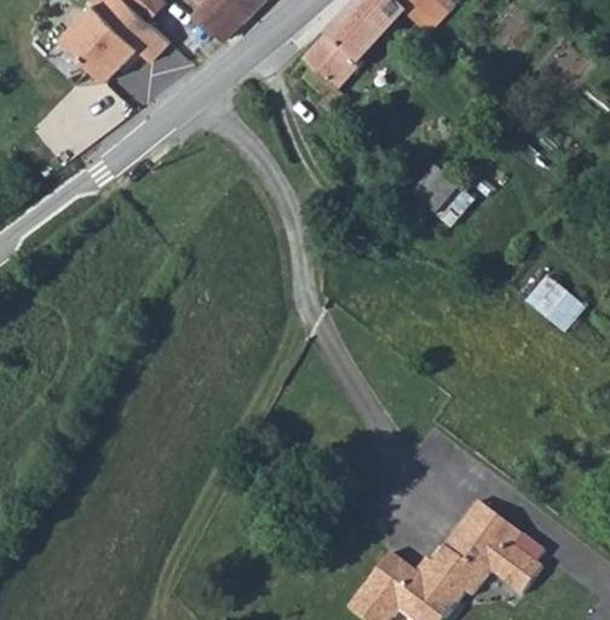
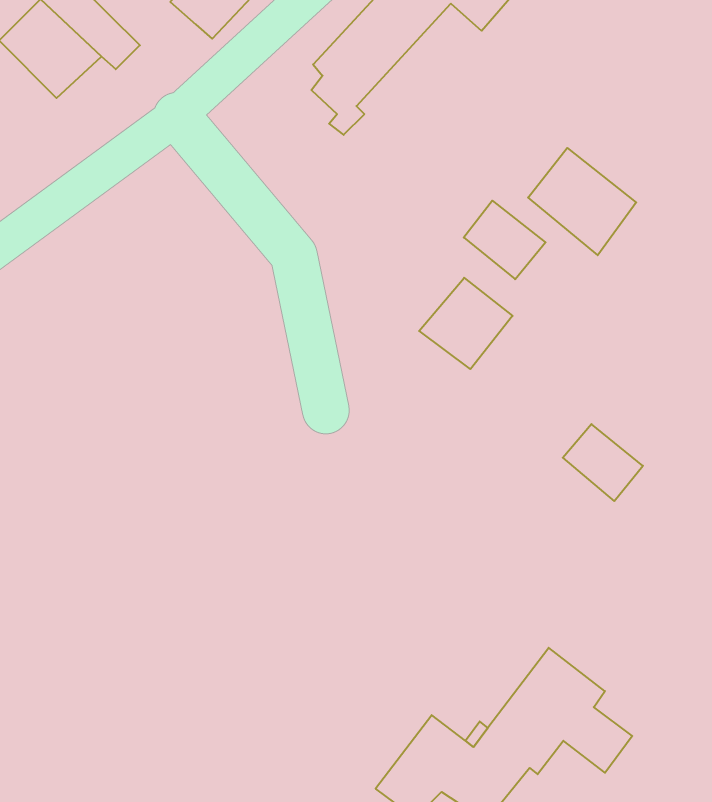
building: none -> [528,148,636,255]
building: none -> [419,278,513,369]
building: [528,271,588,329] -> [563,424,643,501]

